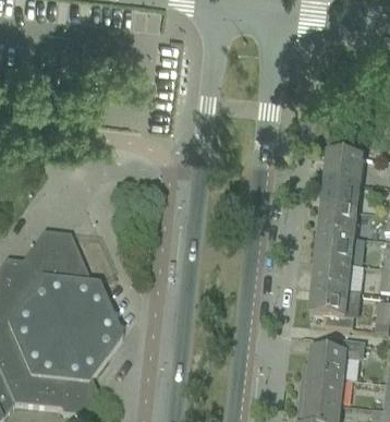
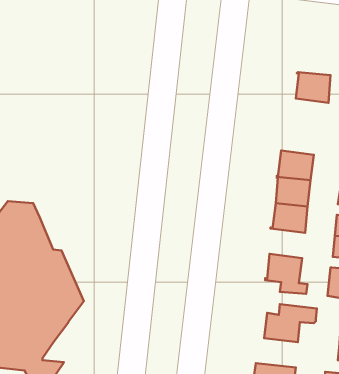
building: [326,152,362,183] -> [296,72,331,103]
building: [314,260,351,290] -> none
building: [300,373,343,403] -> none

